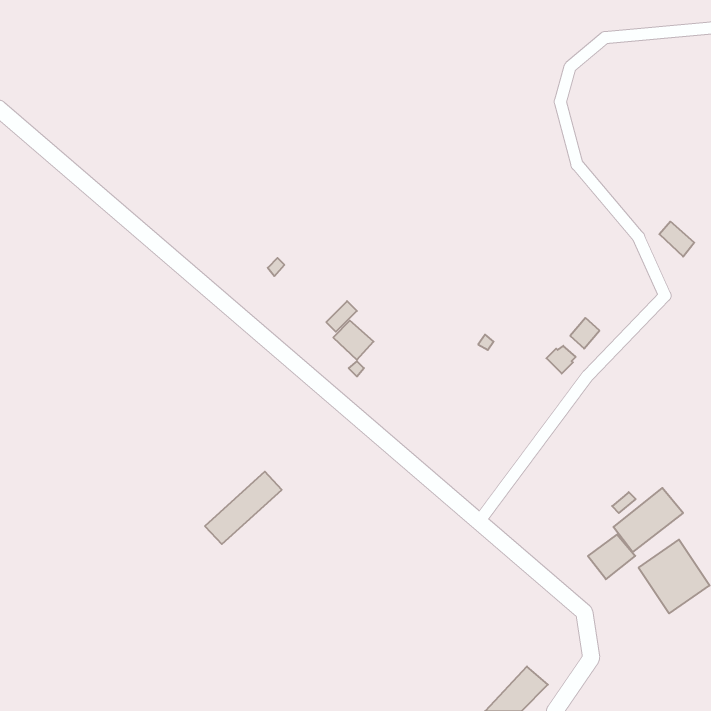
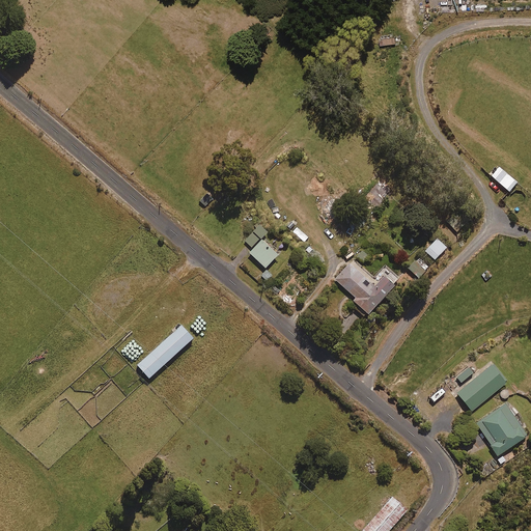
building: none -> [334,262,394,314]
building: [205,472,282,544] -> [136,324,193,378]
building: [588,534,635,579] -> none

